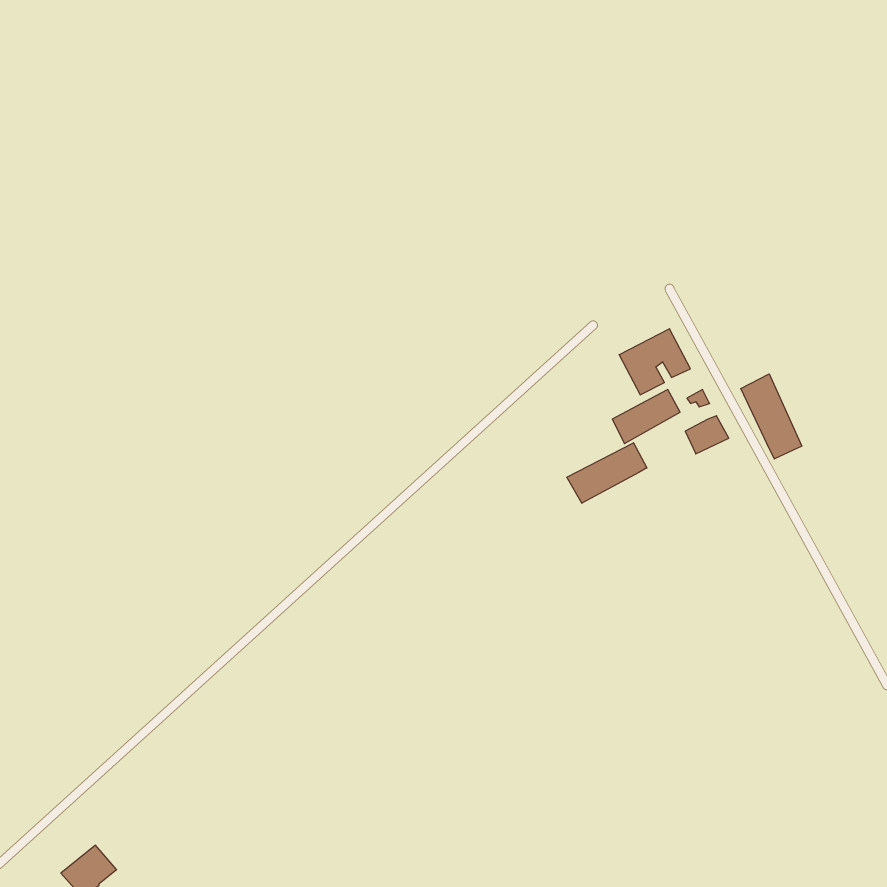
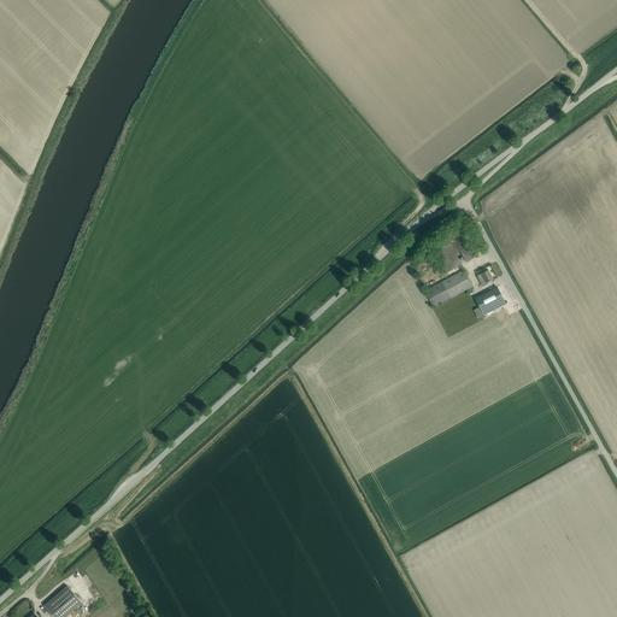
building: [741,374,802,459] -> none
building: [567,443,647,503] -> none

